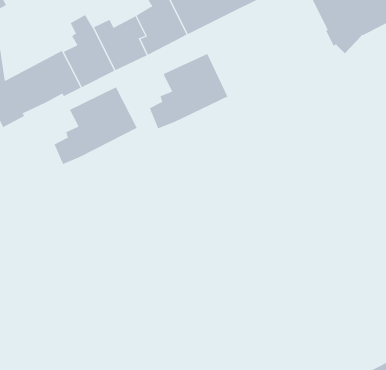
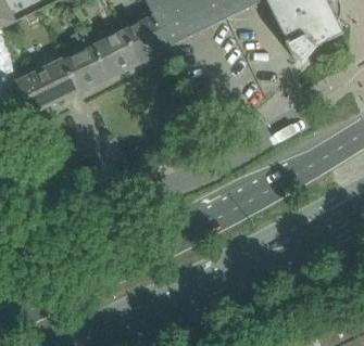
building: [149,53,228,129] -> none
building: [54,86,137,165] -> none

